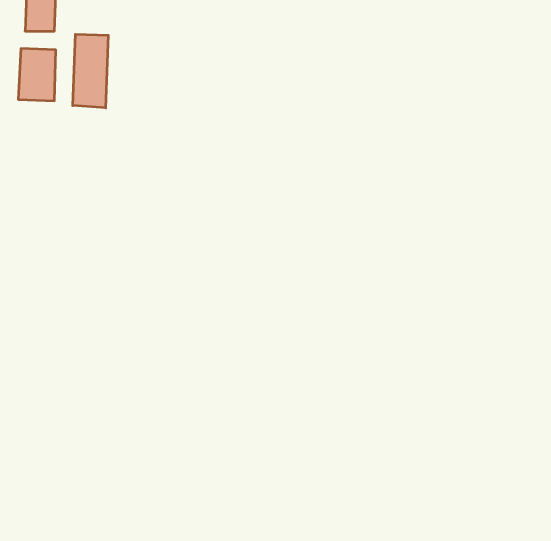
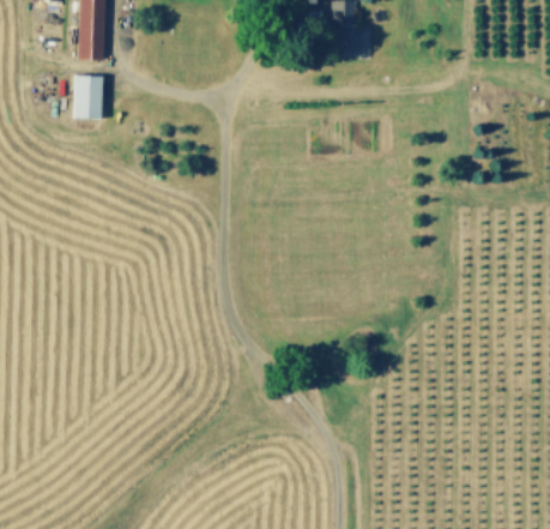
building: [73,34,108,108] -> none

